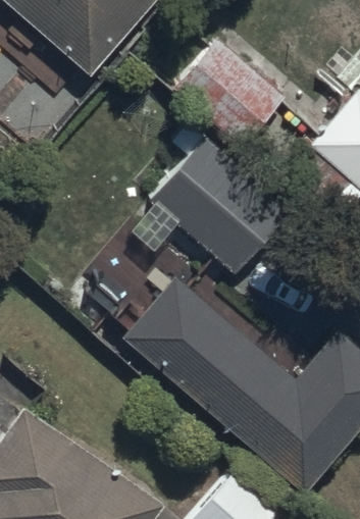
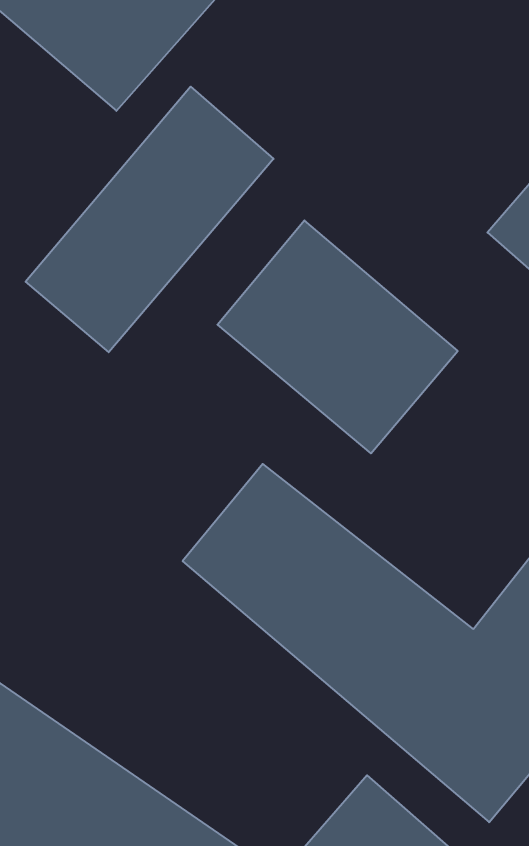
building: [170,38,286,151] -> none
building: none -> [26,87,274,352]

